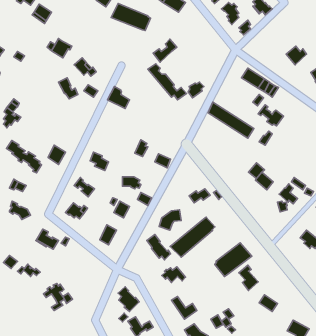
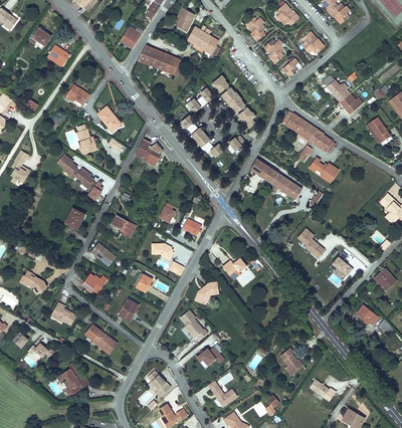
building: none -> [211,72,255,123]
building: none -> [322,74,350,101]
building: [7,140,42,173] -> [59,156,99,193]
building: [170,217,215,257] -> none
building: [215,243,252,276] -> none
building: none -> [90,326,123,353]

